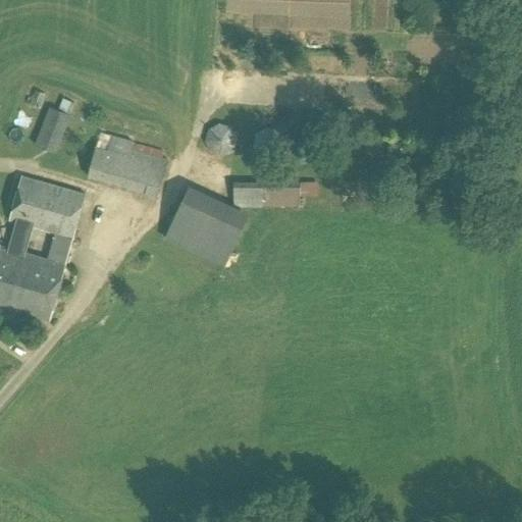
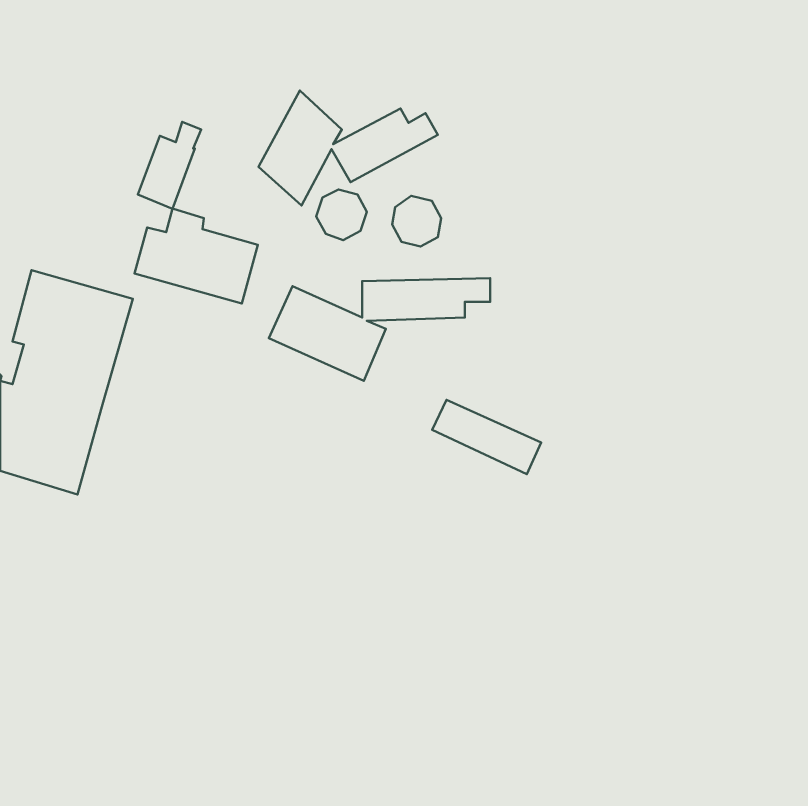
building: none -> [259,90,438,205]
building: [34,97,74,153] -> [138,122,201,209]
building: [164,218,234,266] -> [432,400,541,474]

